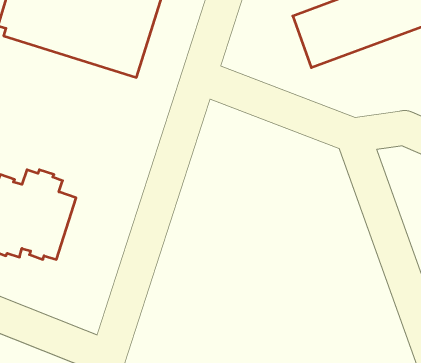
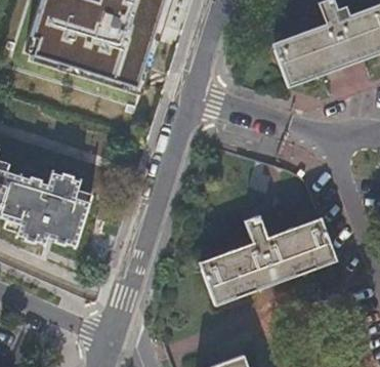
building: none -> [198,215,333,305]

